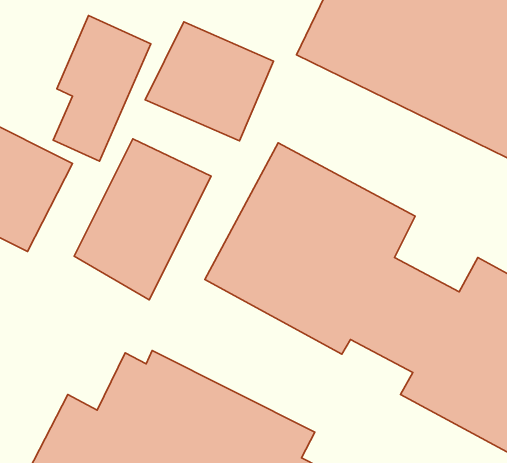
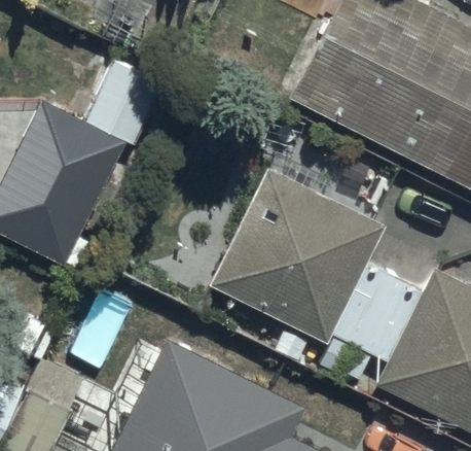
building: [145,22,274,141] -> none
building: [74,139,211,300] -> none

